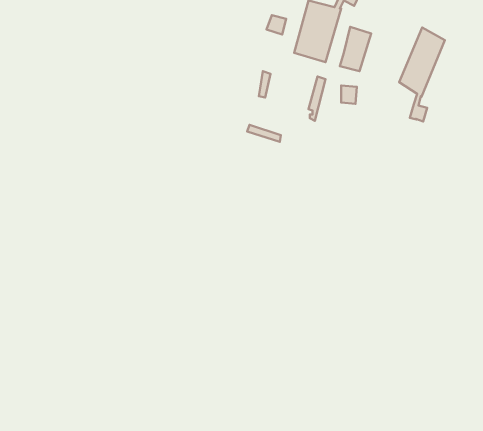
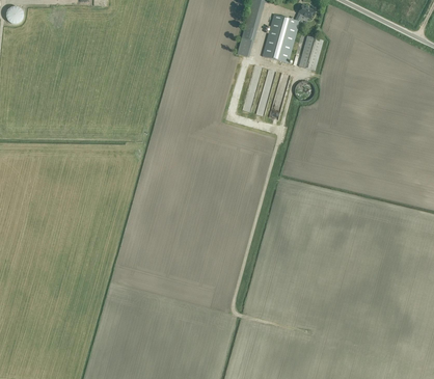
building: [399,28,445,121] -> none

